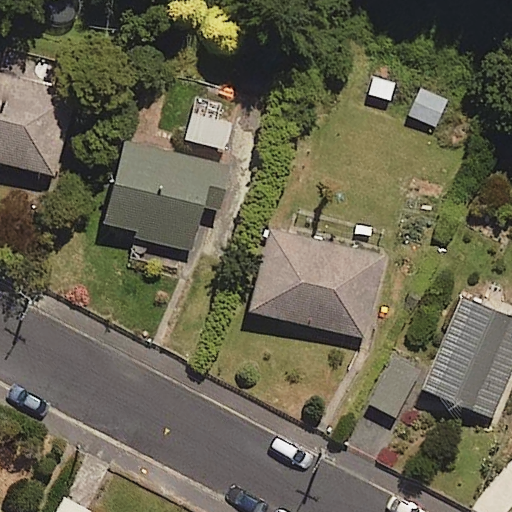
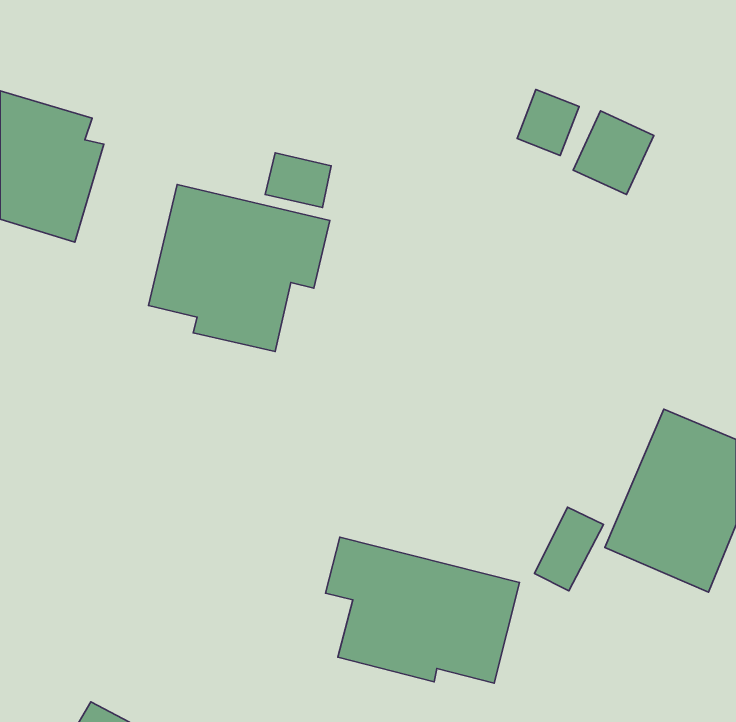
building: [249,227,385,341] -> none
building: none -> [326,537,519,683]

